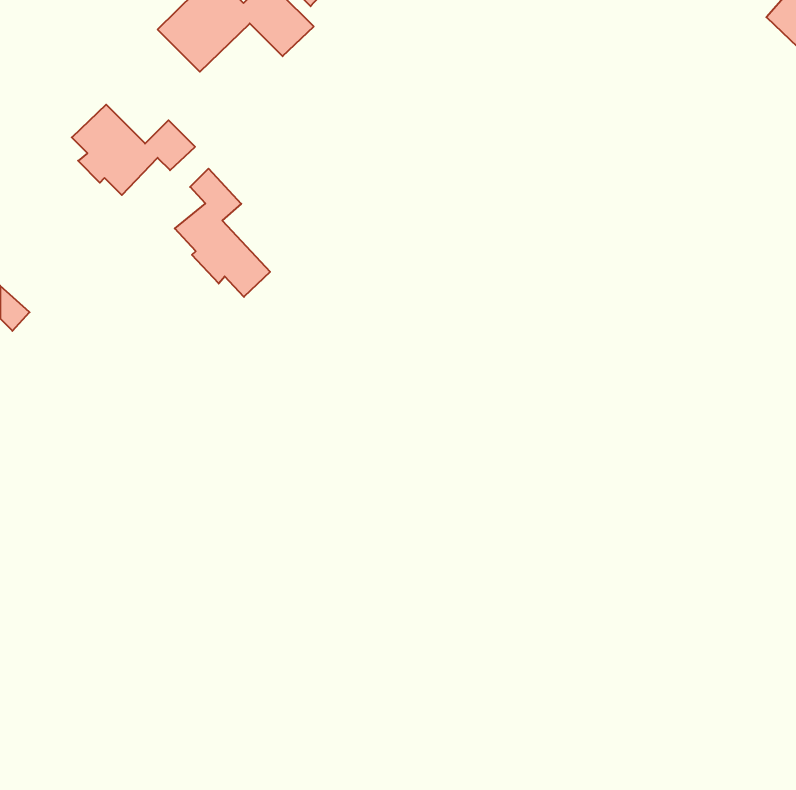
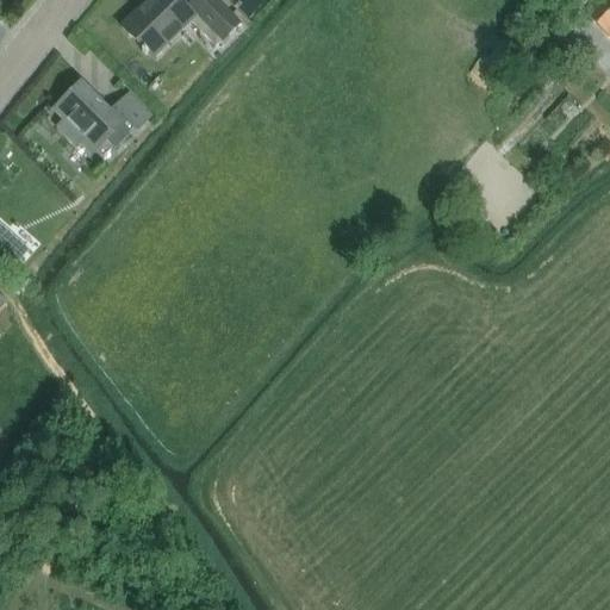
building: [175,169,270,297] -> none

